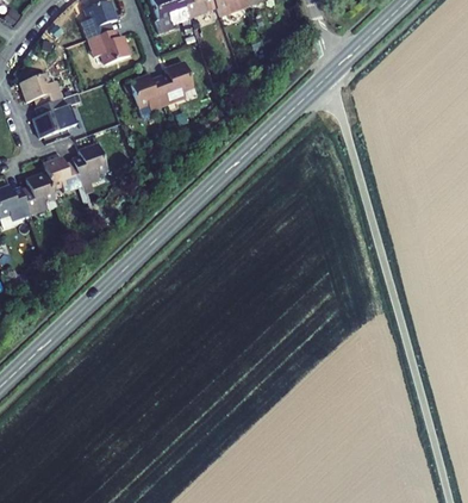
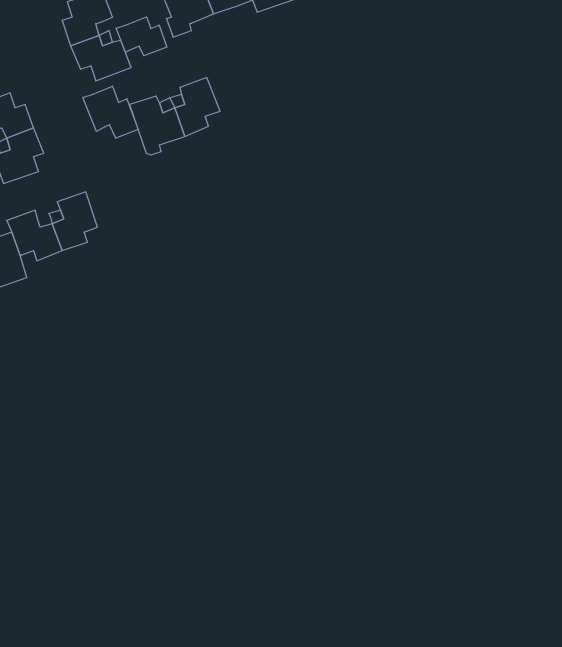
building: none -> [116,17,167,56]
building: none -> [83,86,138,138]

